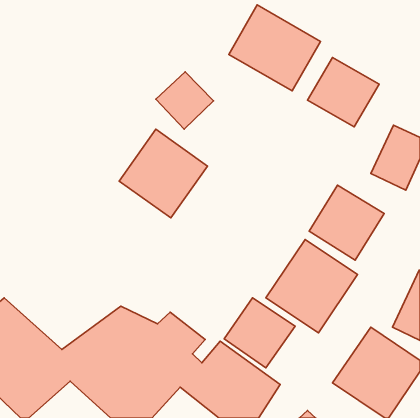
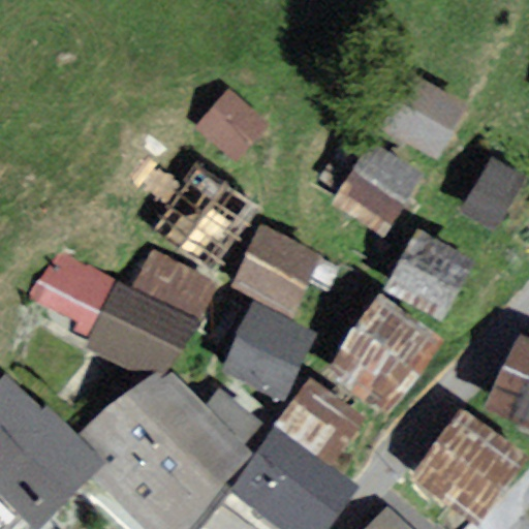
building: [229,5,321,91] -> none
building: none -> [330,143,424,238]
building: none -> [230,225,322,315]
building: none -> [30,249,219,381]
building: none -> [220,310,312,404]

